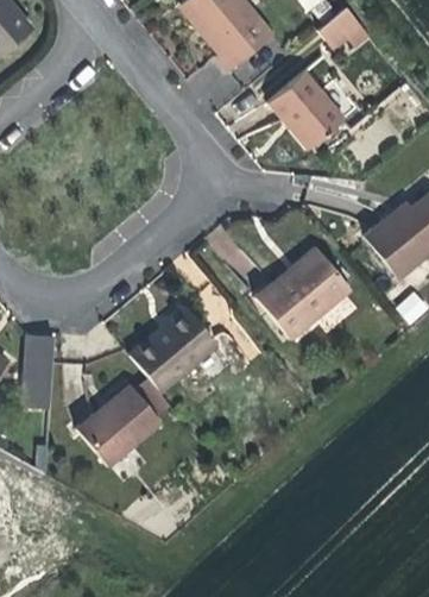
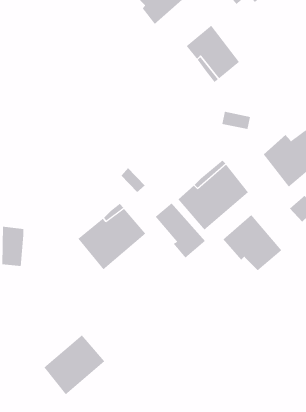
building: none -> [155,202,206,258]
building: none -> [222,214,282,271]
building: [84,387,164,465] -> [44,335,105,395]

